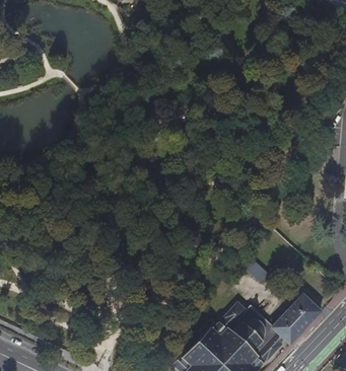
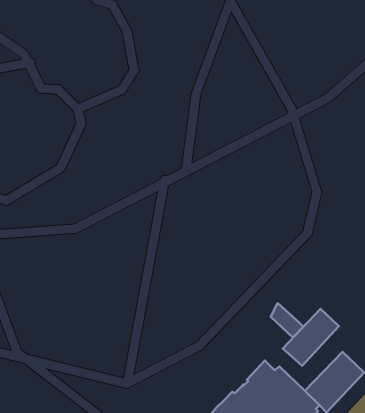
building: none -> [283,309,339,366]

